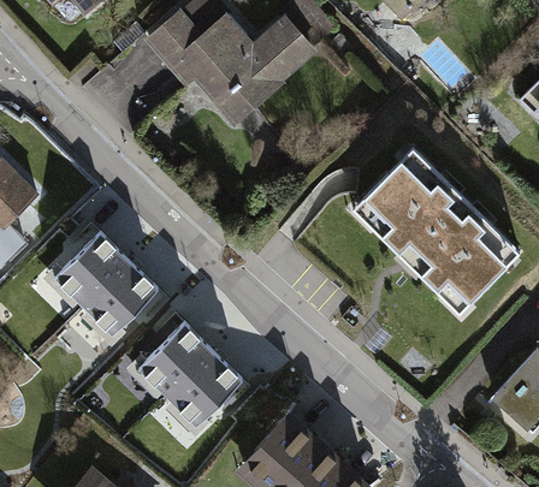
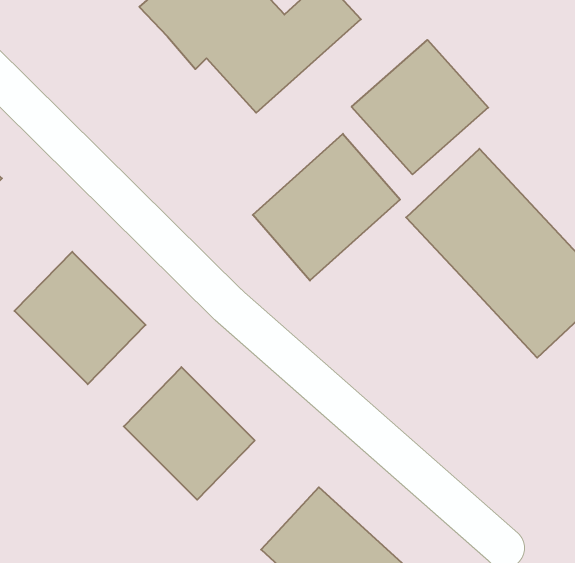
building: none -> [352,40,488,174]
building: none -> [253,134,400,281]

